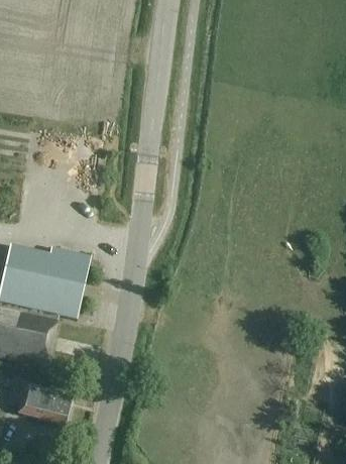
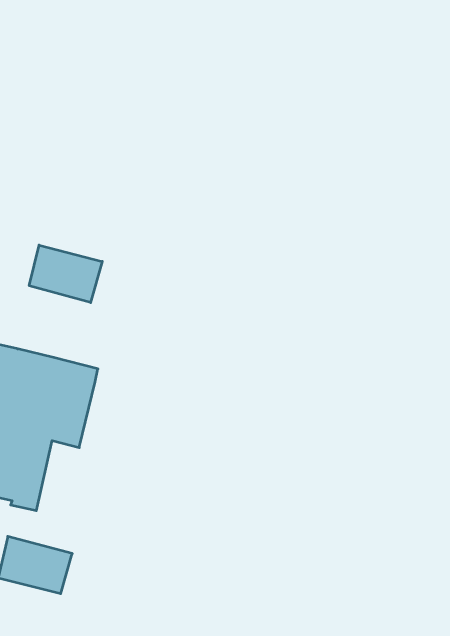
building: none -> [29,245,102,303]

